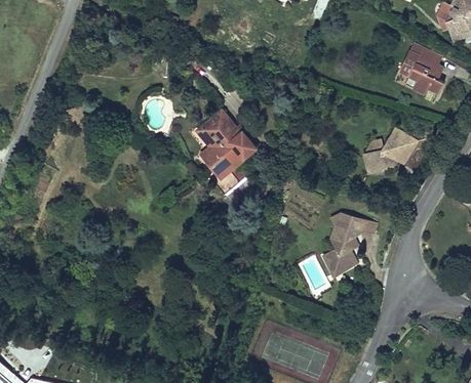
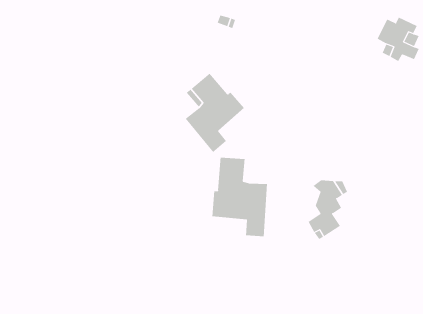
building: [365,132,418,176] -> none
building: none -> [212,157,267,237]

